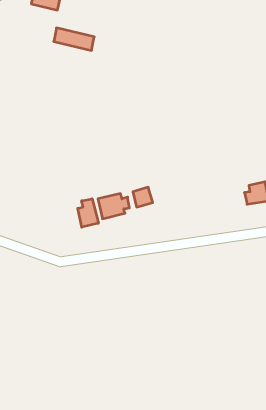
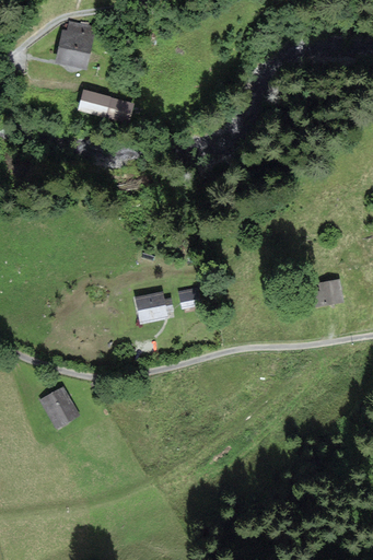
building: [78,199,98,227] -> none
building: none -> [43,388,77,425]

